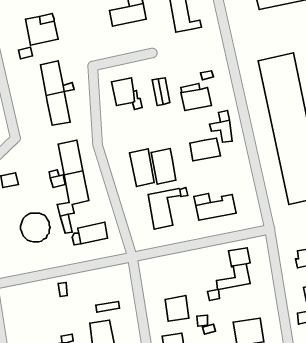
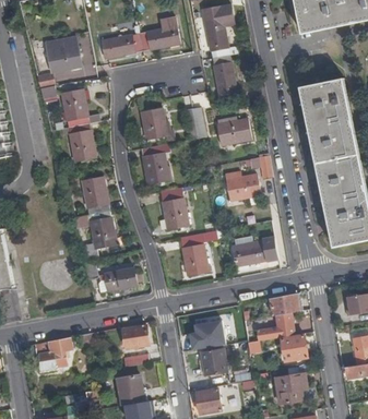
building: none -> [103,34,142,59]
building: none -> [212,55,237,95]
building: [151,148,176,184] -> [141,144,168,183]
building: none -> [190,321,227,350]
building: none -> [123,326,150,349]
building: none -> [282,336,307,362]
building: none -> [34,337,72,369]

